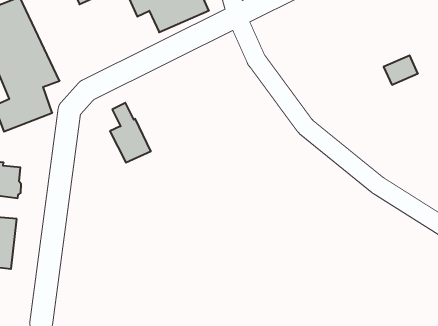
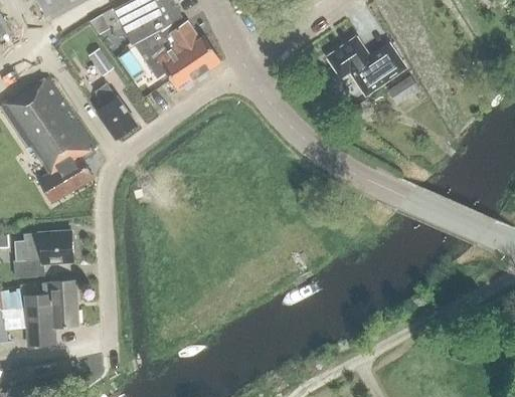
building: none -> [326,36,406,95]
building: [110,103,151,163] -> [95,83,136,138]

